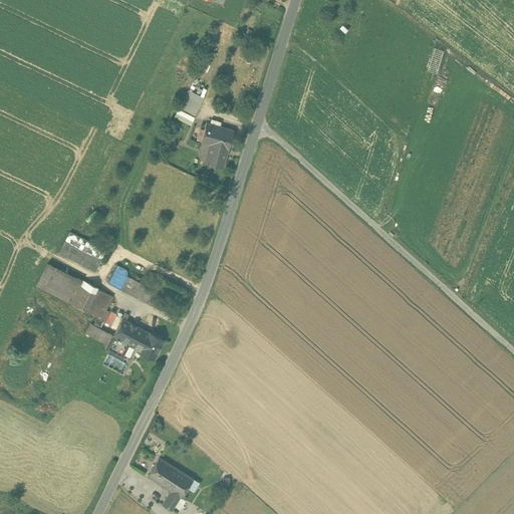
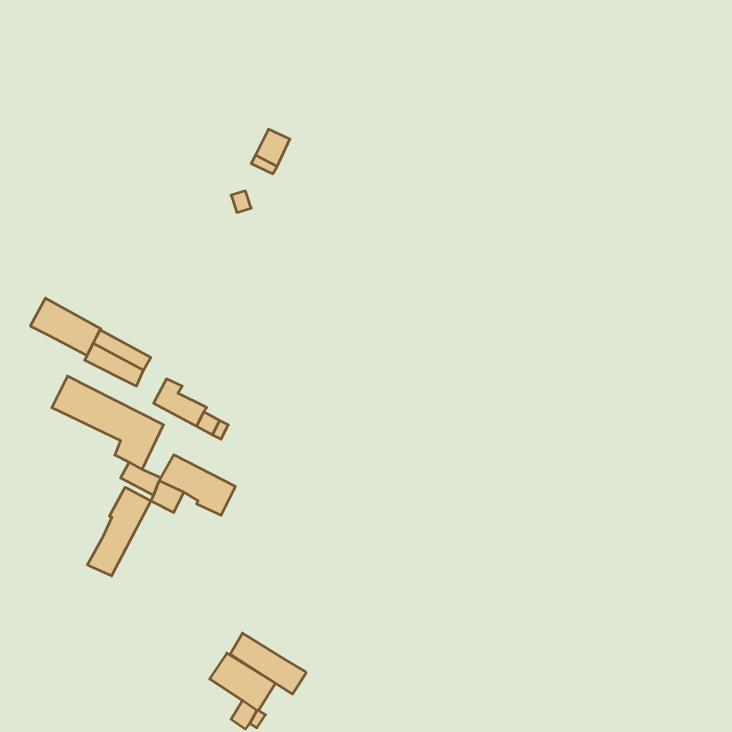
building: [202,123,235,169] -> none
building: none -> [31,298,101,356]
building: none -> [87,487,151,576]
building: none -> [230,633,306,694]

